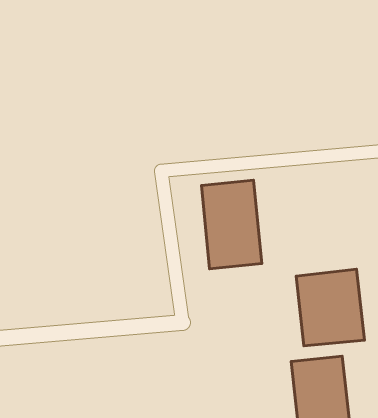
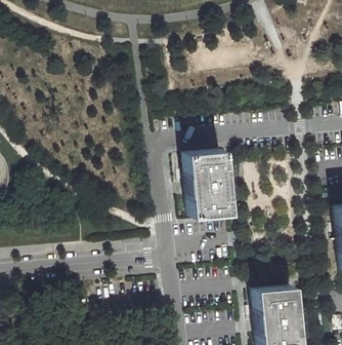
building: [296,269,364,346] -> none

